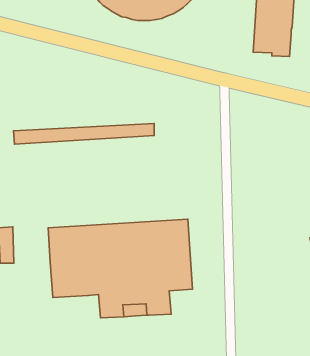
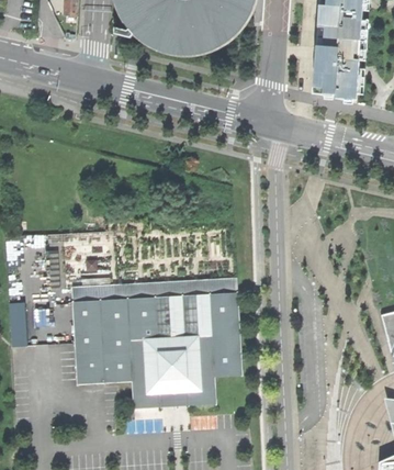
building: [13,124,154,144] -> [71,278,237,302]

